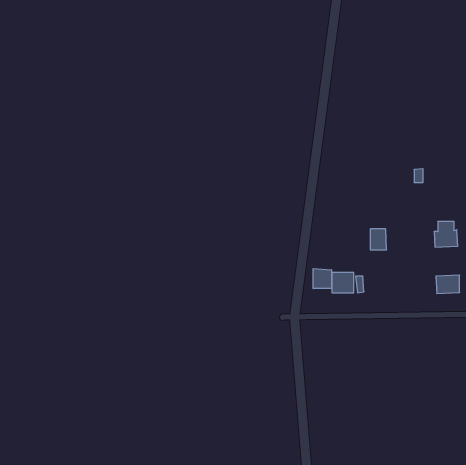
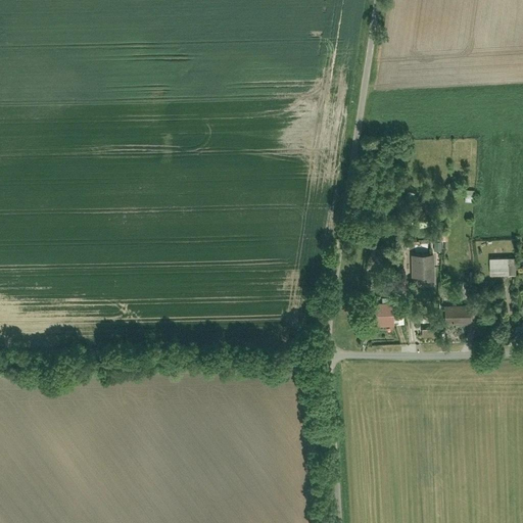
building: [313,269,331,289] -> none
building: [436,275,460,293] -> [446,305,473,326]

